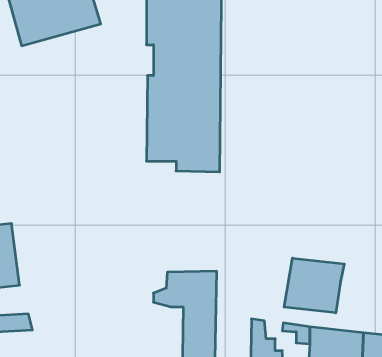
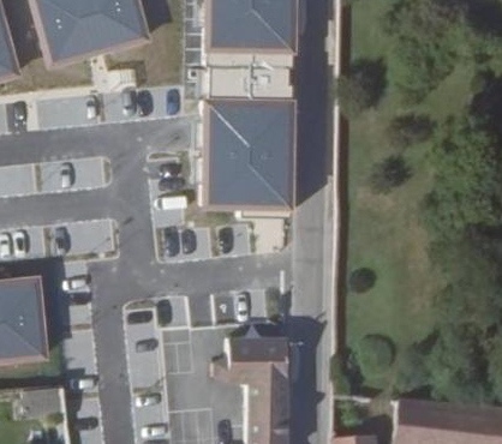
building: [284,258,344,313] -> none

